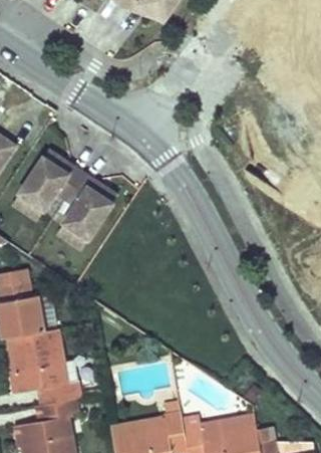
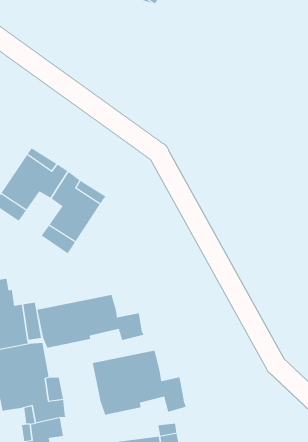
building: none -> [37,294,144,349]
building: none -> [92,350,187,416]

